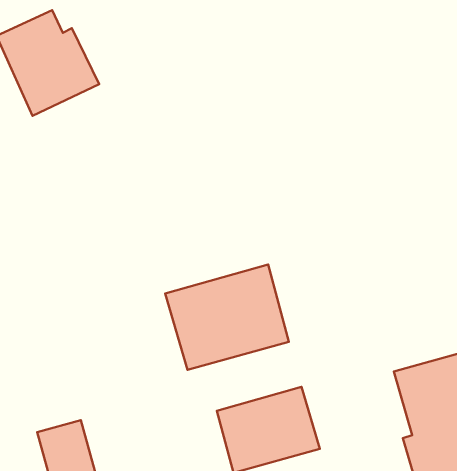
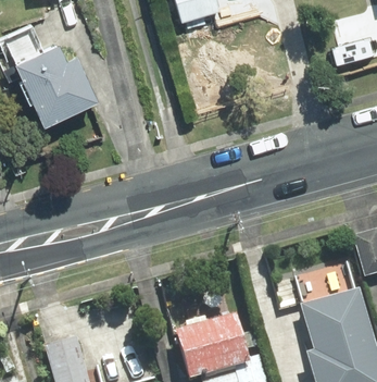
building: [165,265,289,370] -> none

